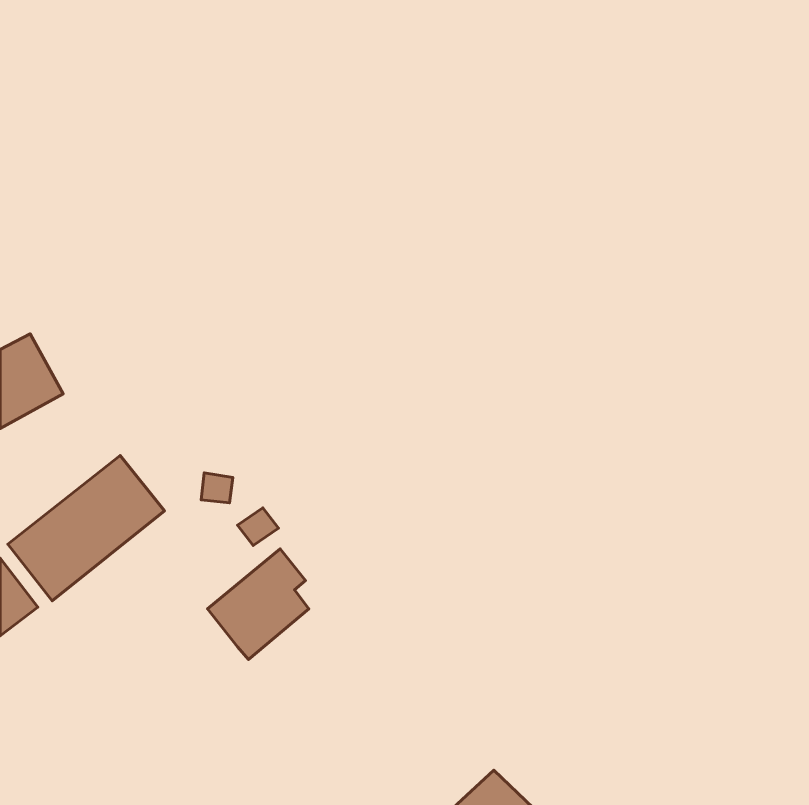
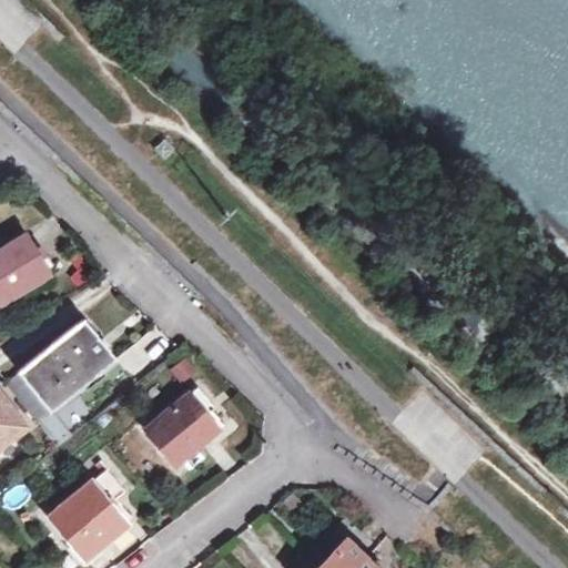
building: none -> [48,469,128,561]

